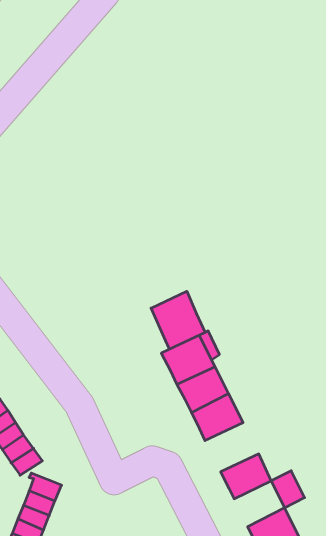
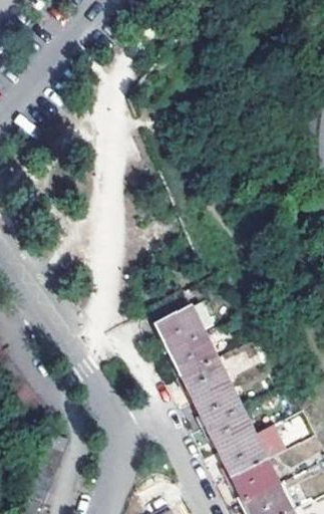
building: [151,291,205,349] -> none
building: none -> [195,383,243,428]
building: none -> [221,436,266,477]

